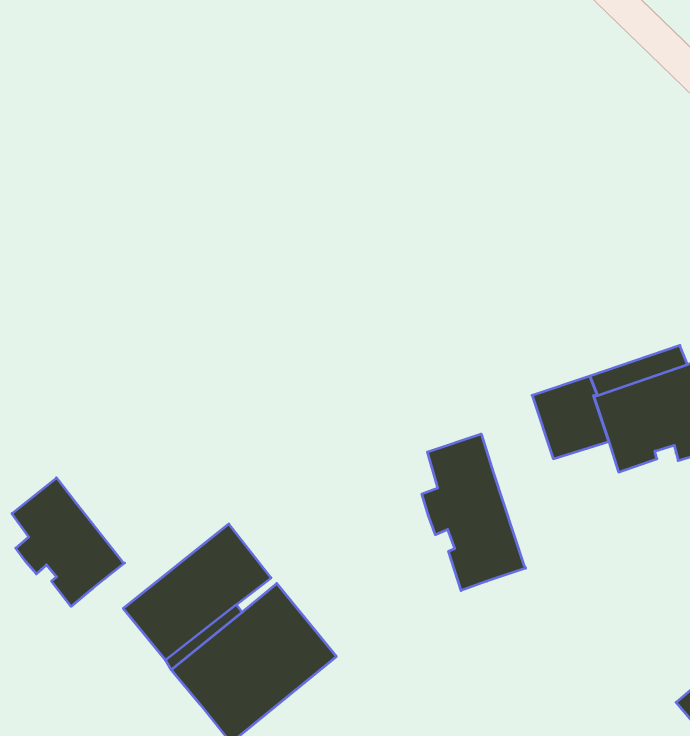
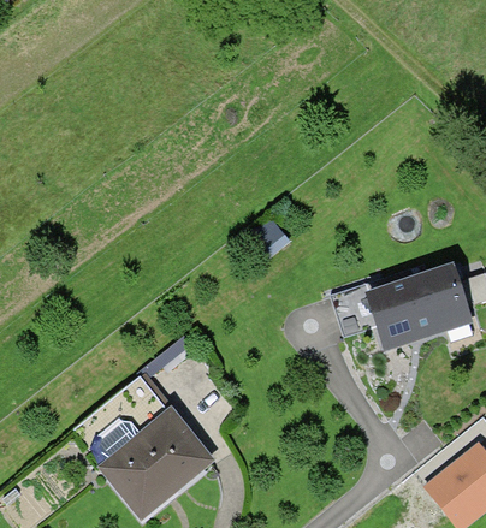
building: [422,434,526,591] -> none
building: [12,478,125,606] -> none

